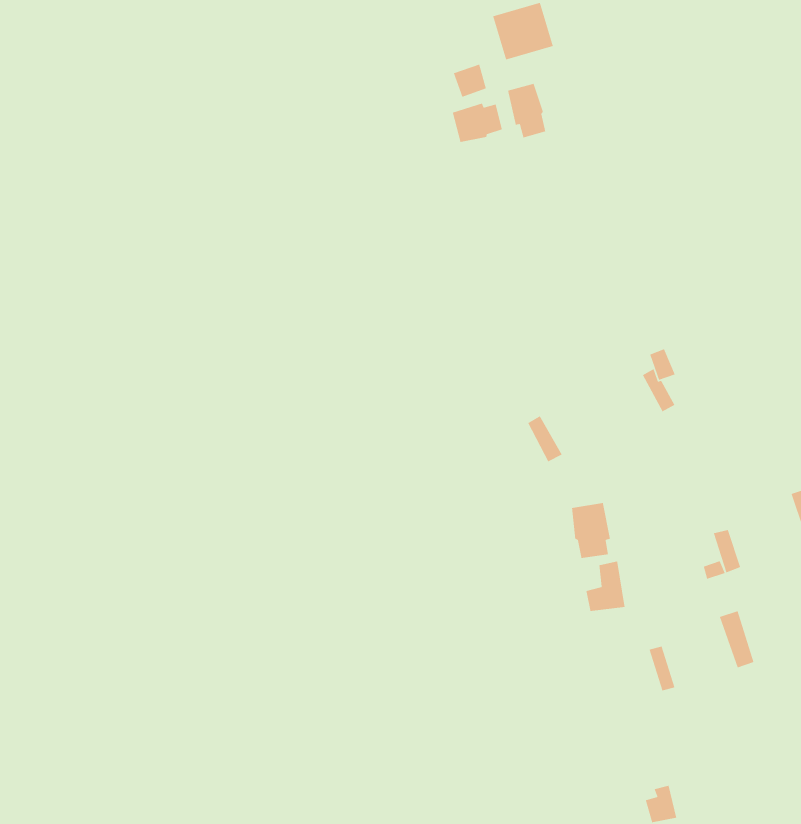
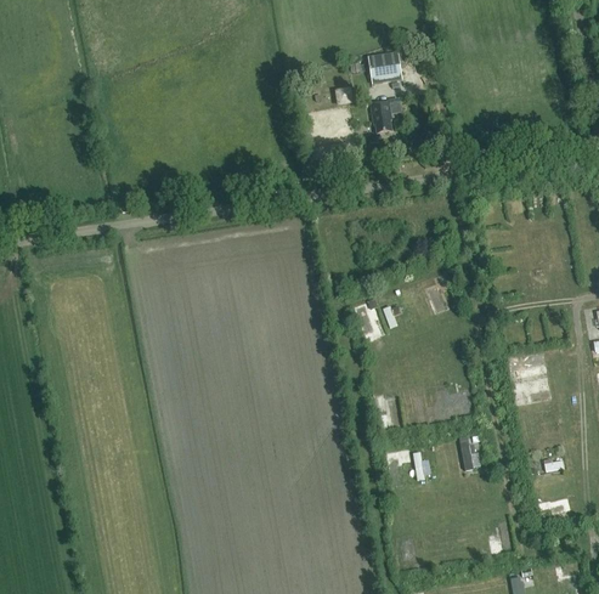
building: [452,103,503,143] -> none
building: [571,502,611,559] -> none

